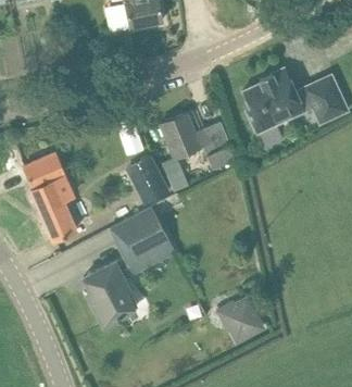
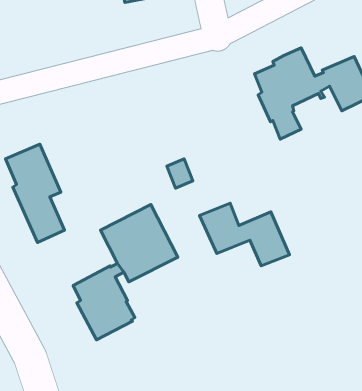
building: [160,112,239,167] -> [199,203,289,266]
building: [125,154,169,204] -> none
building: [215,295,266,345] -> none

